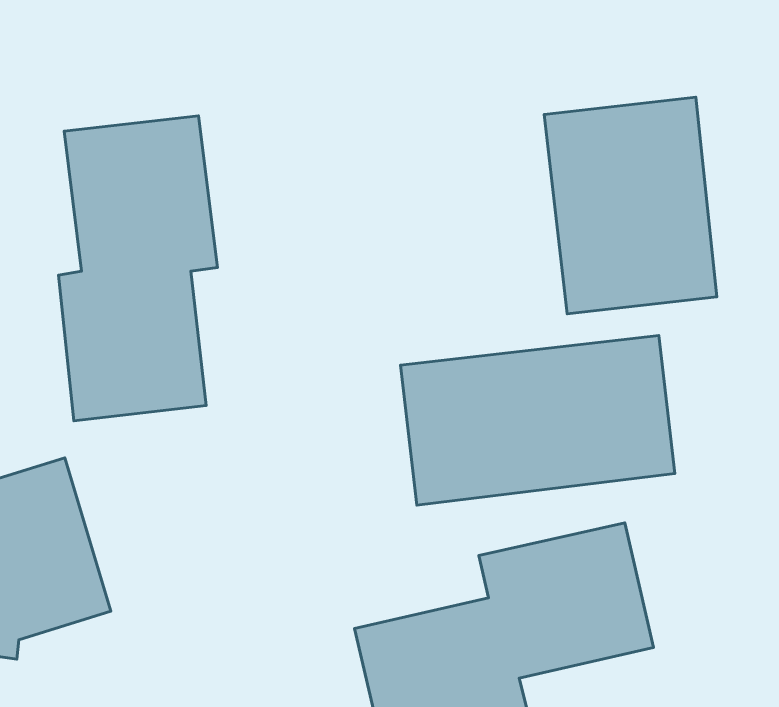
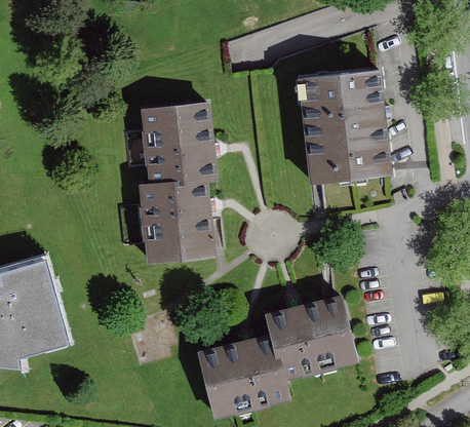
building: [58,116,218,421] -> [134,101,220,264]
building: [400,335,675,505] -> none

